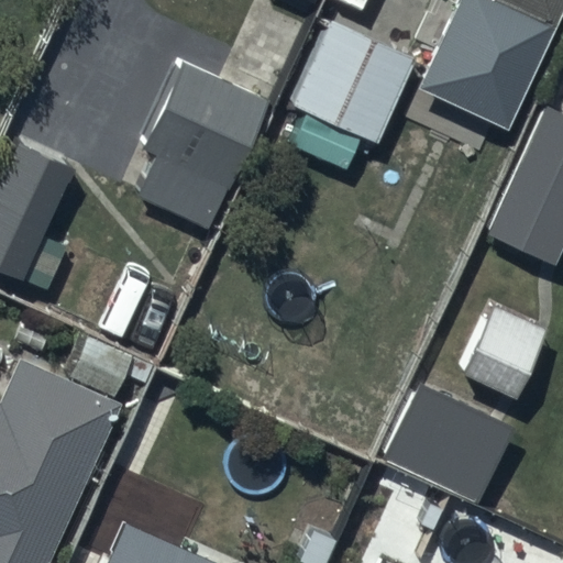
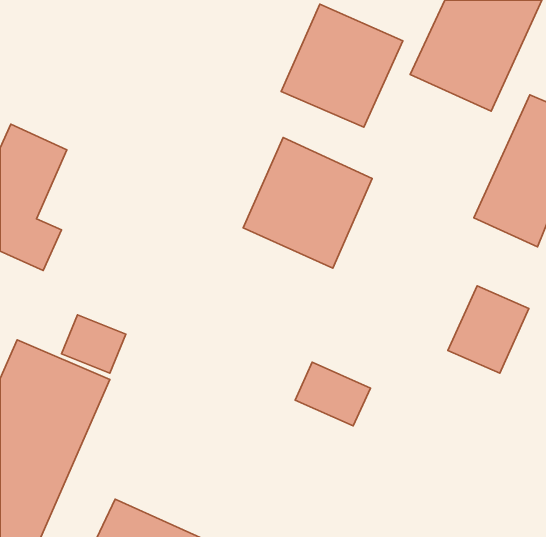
building: [137,64,265,230] -> none
building: none -> [243,138,372,268]
building: [385,385,510,501] -> none

